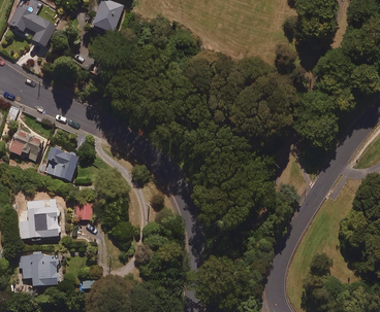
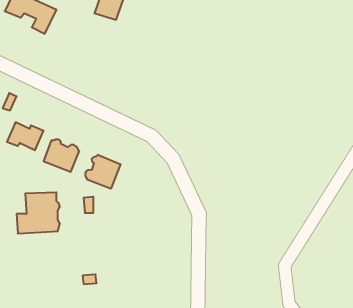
building: none -> [85,155,121,189]
building: [19,250,59,288] -> none

